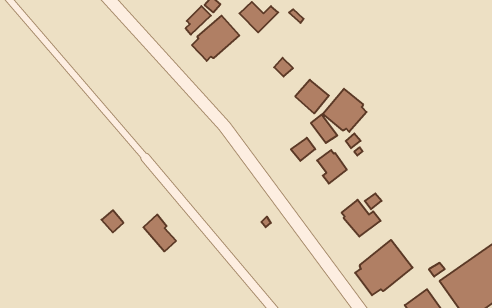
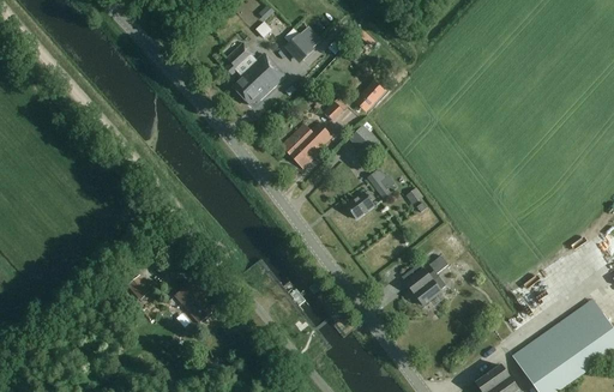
building: none -> [282,122,331,167]
building: [323,89,367,132] -> none
building: [317,150,347,184] -> none
building: [355,240,413,295] -> none

